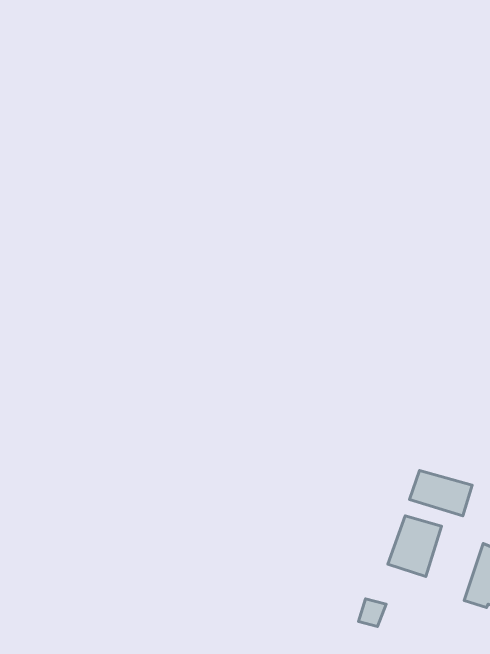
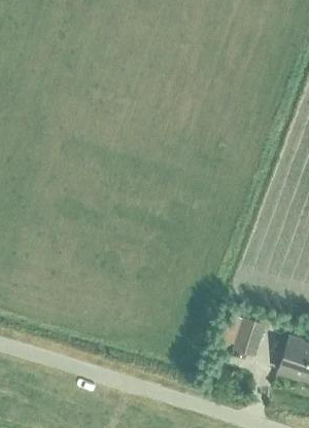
building: [410,471,472,516] -> none

